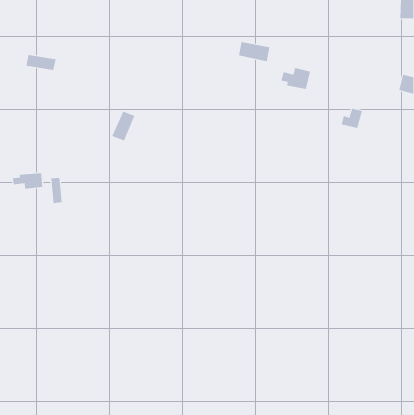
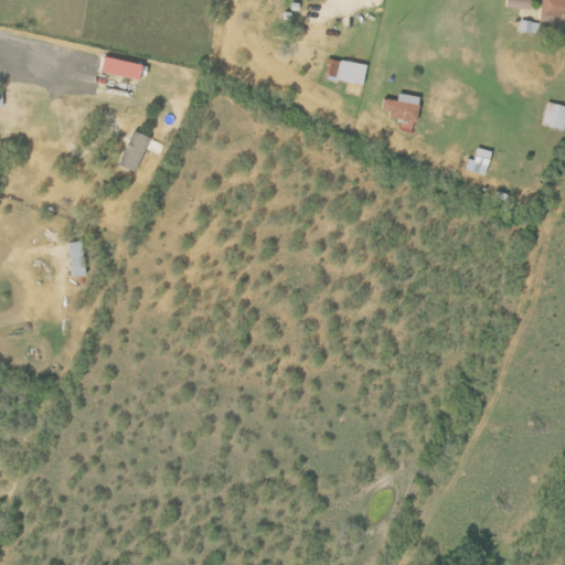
building: [25,54,56,71] -> [103,56,145,78]
building: [111,111,135,141] -> [118,130,150,171]
building: [12,173,43,189] -> none

